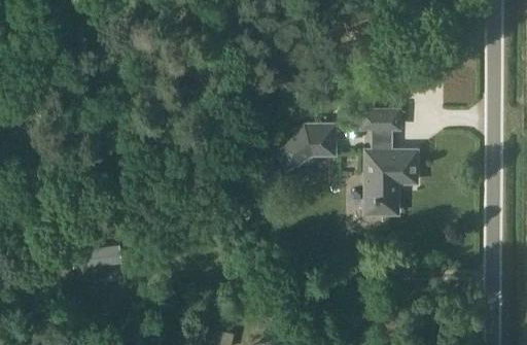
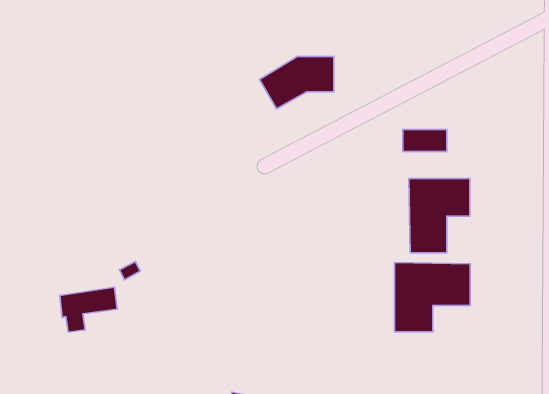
building: [273,126,336,170] -> [259,56,334,109]
building: none -> [394,263,470,332]

